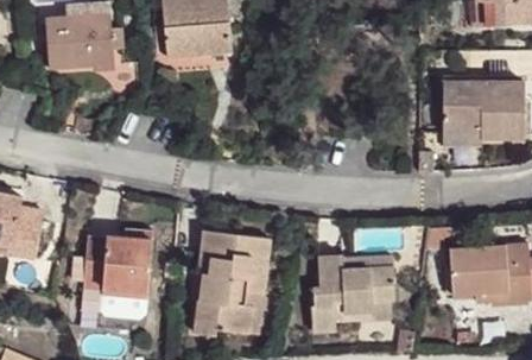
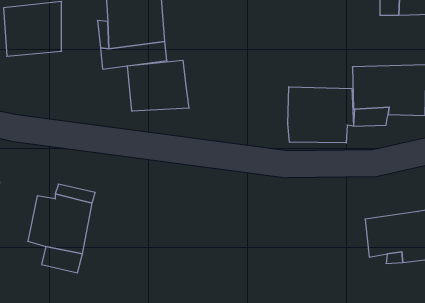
building: none -> [127,60,189,111]
building: none -> [288,87,353,143]
building: [191,220,272,328] -> none
building: [312,253,399,334] -> none

